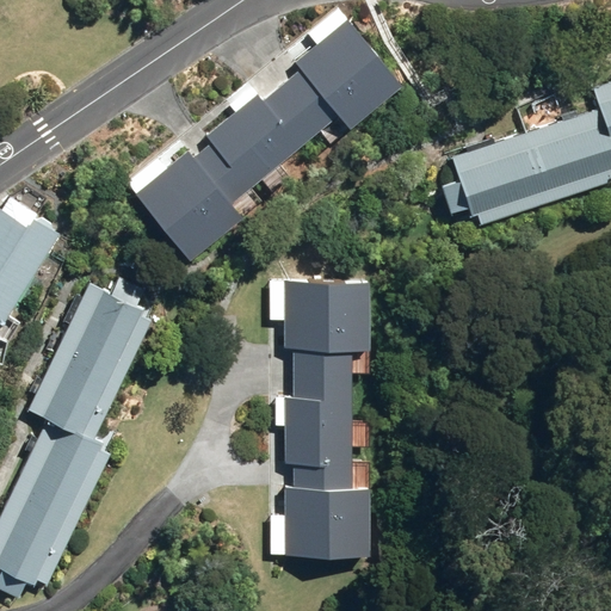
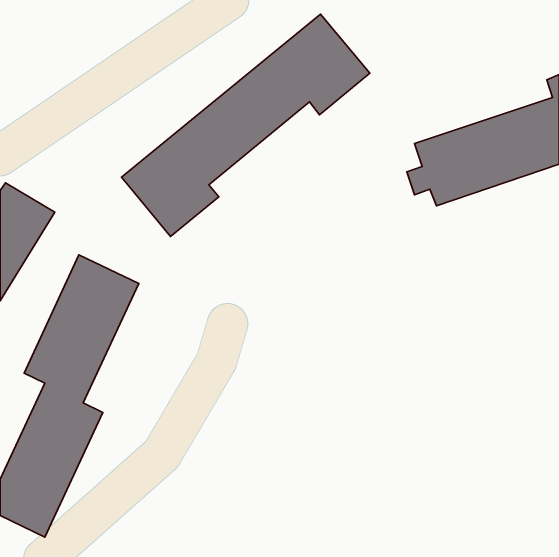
building: [285,277,370,556] -> none

